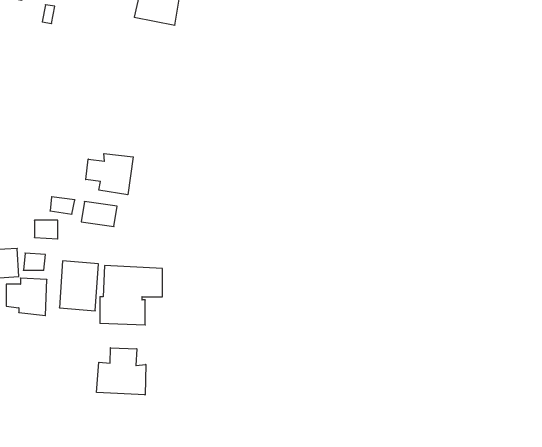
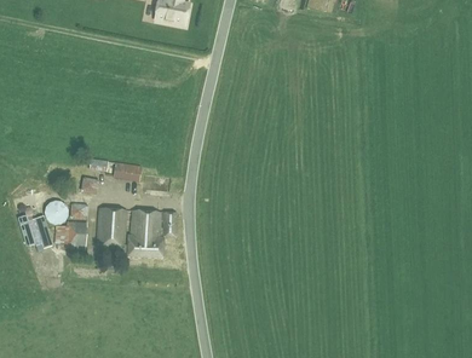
building: [86,154,133,195] -> none
building: [97,348,146,395] -> none

